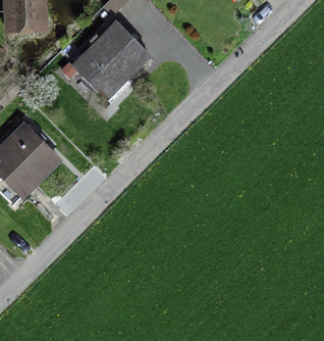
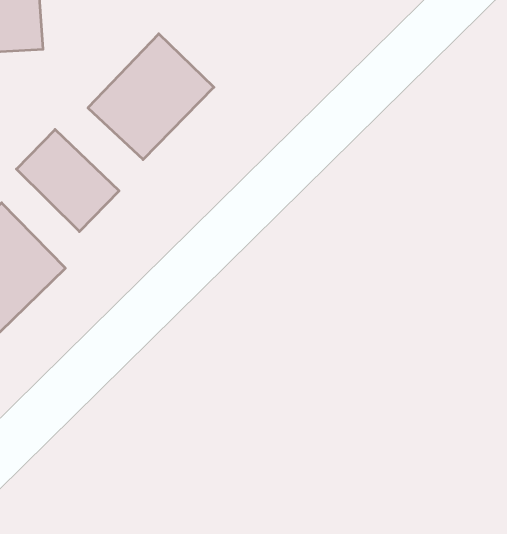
building: none -> [16,129,119,232]

